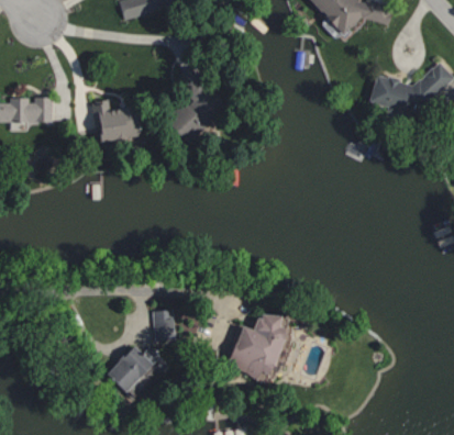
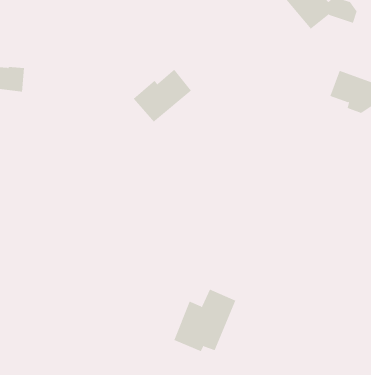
building: [93,102,142,144] -> none
building: [154,311,176,343] -> none
building: [108,346,162,394] -> none

